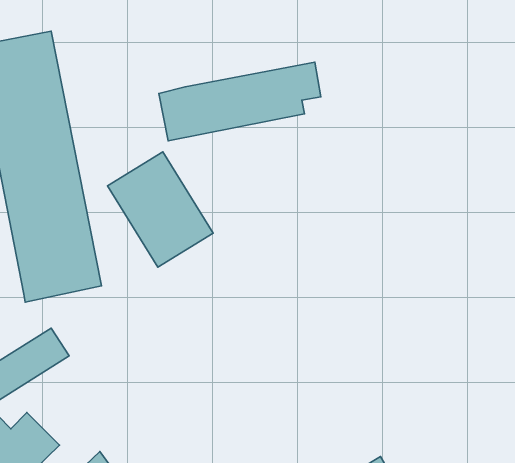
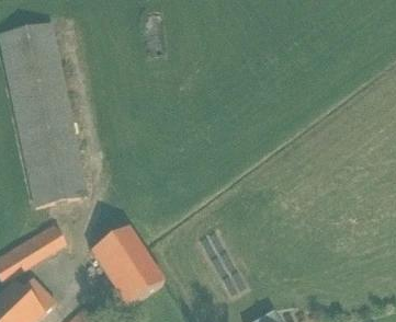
building: [159,62,321,141] -> none
building: [108,152,213,267] -> [94,225,166,302]

